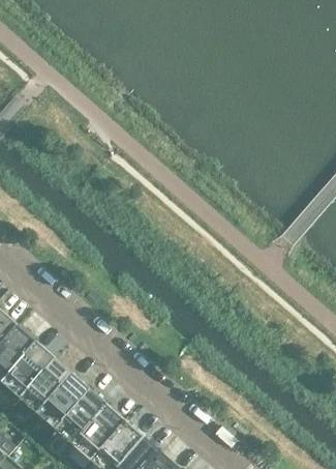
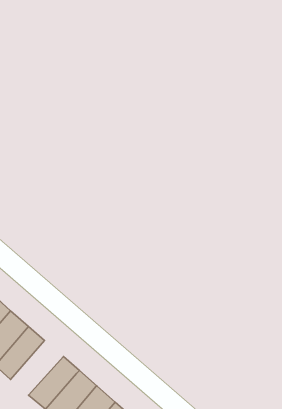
building: [34,372,89,429] -> none

